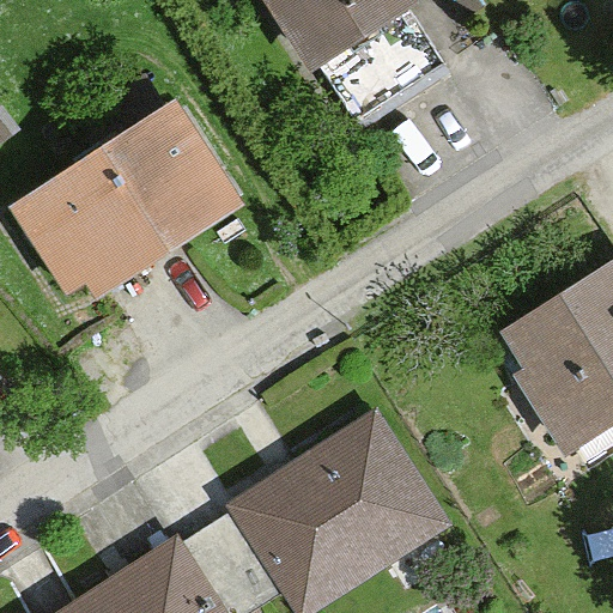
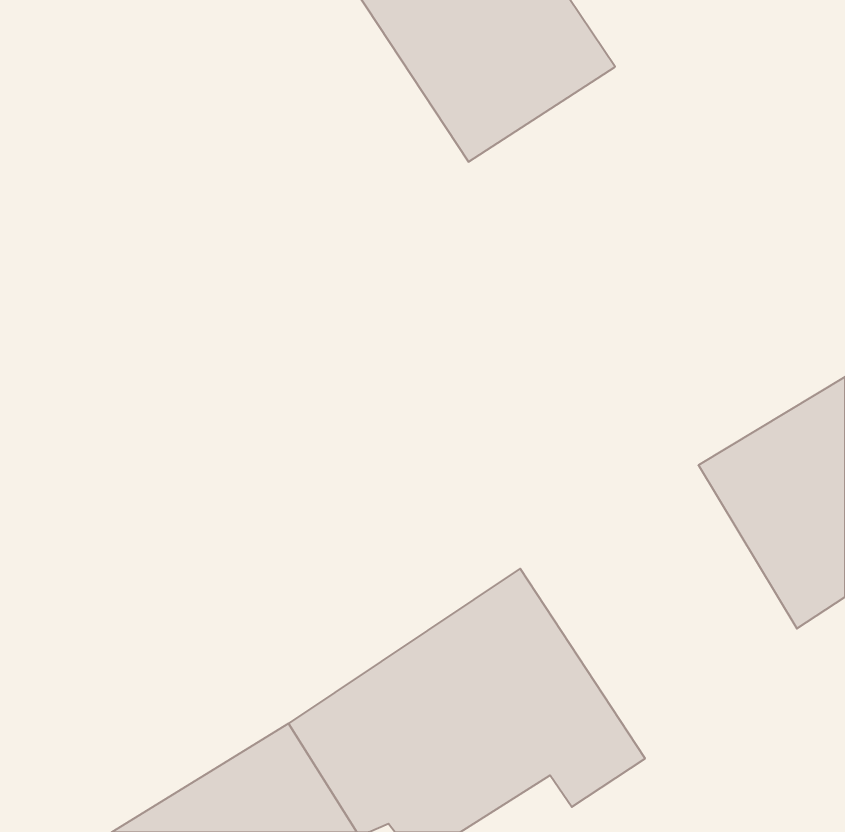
building: [10,101,239,287] -> none

